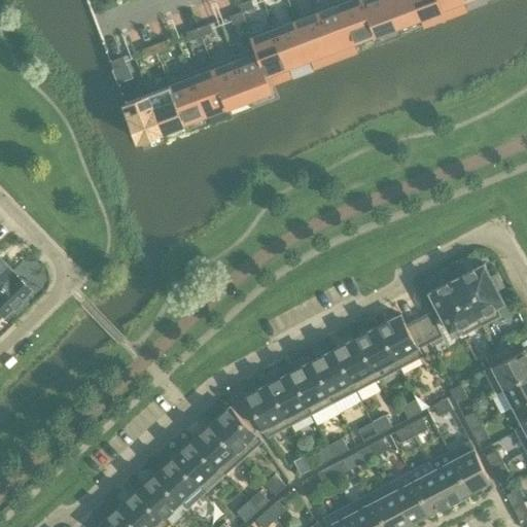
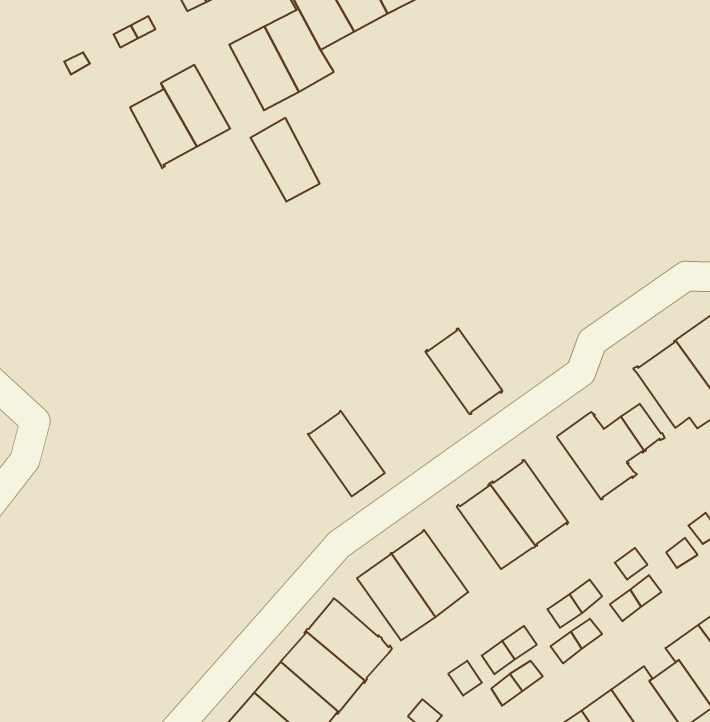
building: [189,65,227,115] -> [250,118,320,202]
building: [126,95,162,142] -> none
building: [356,327,399,380] -> [425,329,502,414]
building: [290,361,333,414] -> [308,411,385,496]

